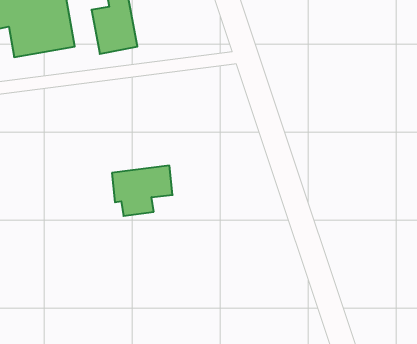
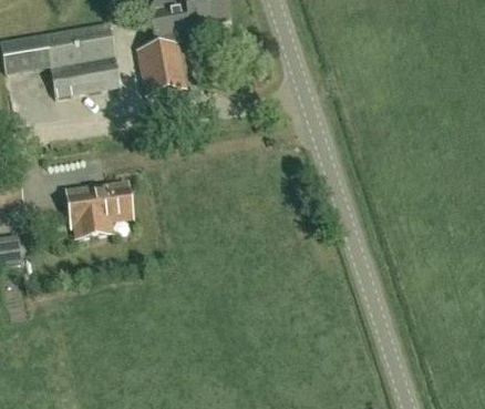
building: [112,166,173,216] -> [66,184,131,237]

